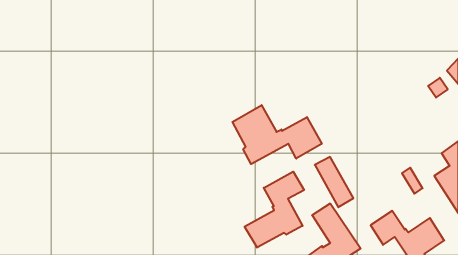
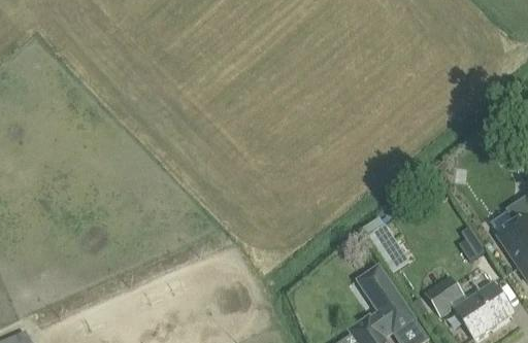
building: [232,105,322,164] -> none
building: [245,172,304,248] -> none

